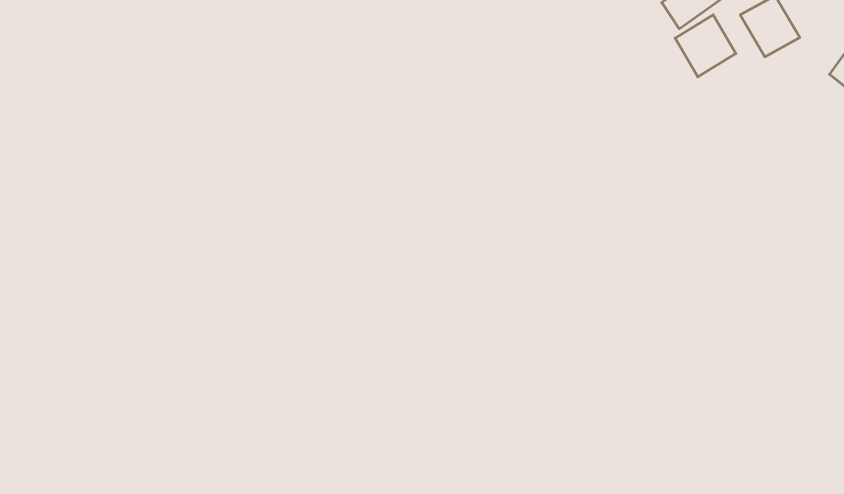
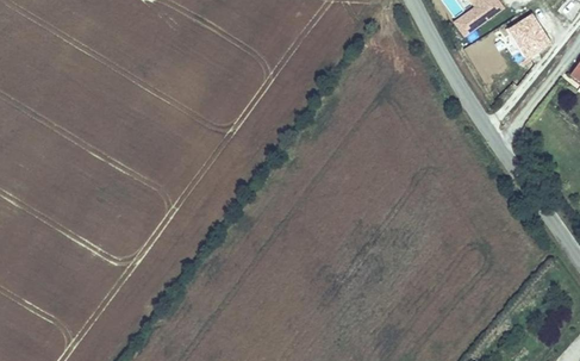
building: [675,15,736,77] -> none

